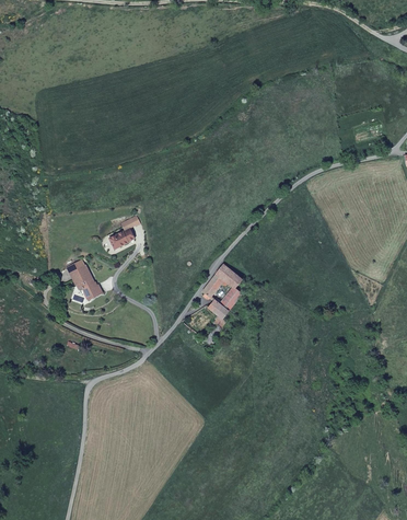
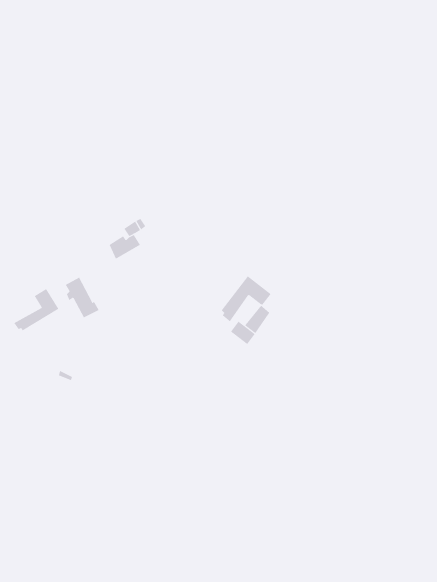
building: none -> [14,288,59,331]

